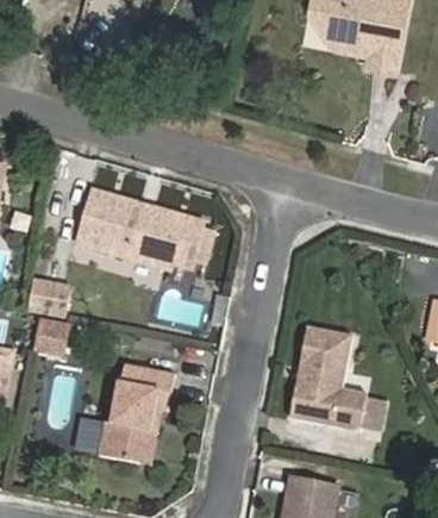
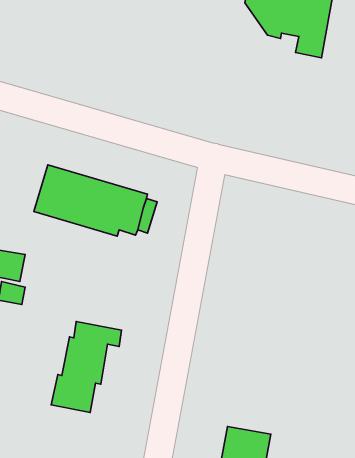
building: [287,324,365,431] -> none

